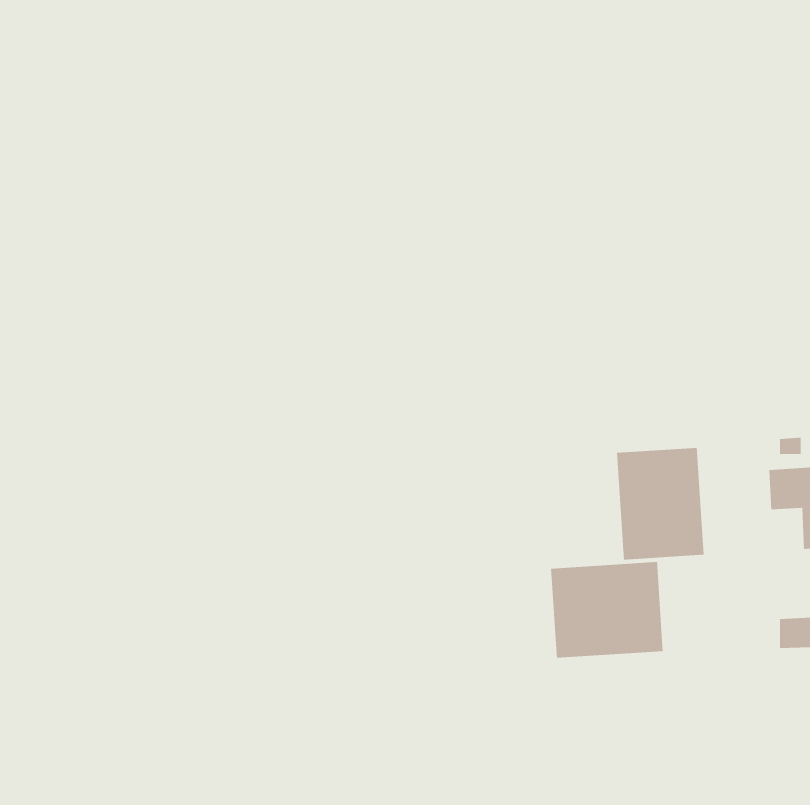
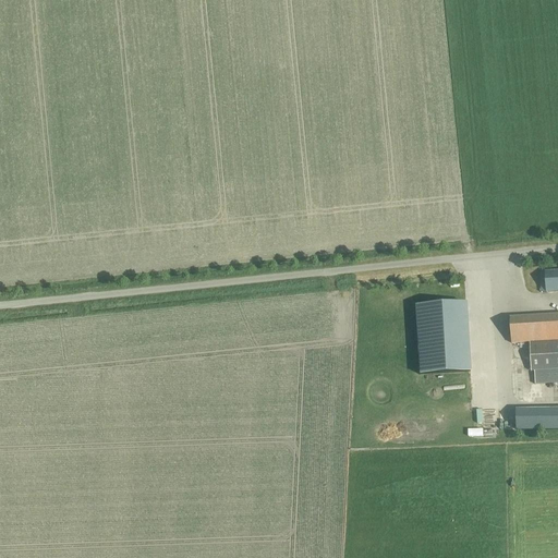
building: [550,561,663,659] -> none

